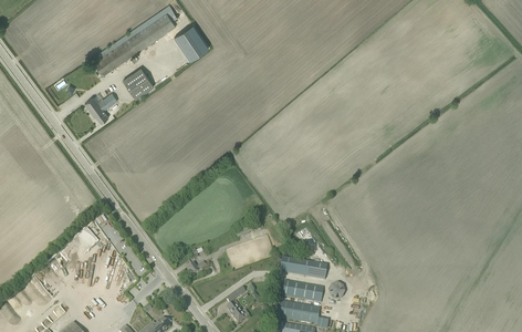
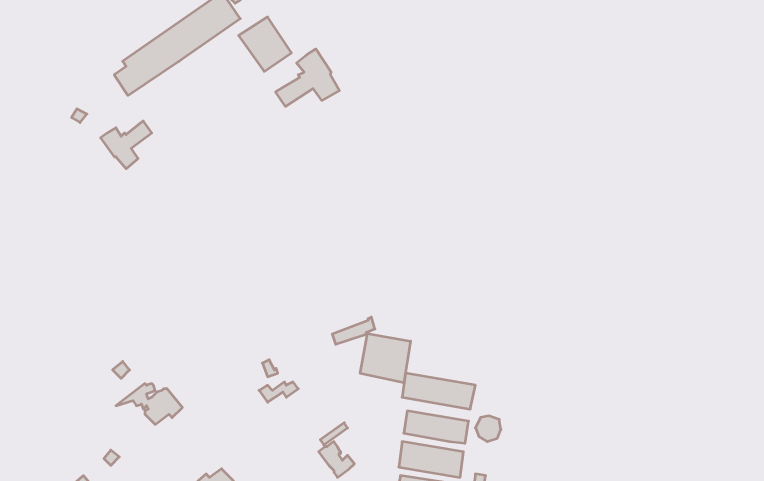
building: none -> [276,49,339,106]
building: [123,68,154,98] -> none
building: none -> [360,334,411,383]

